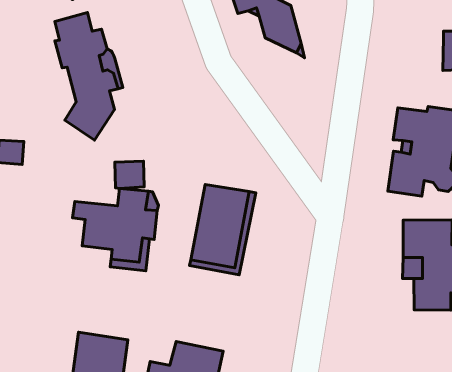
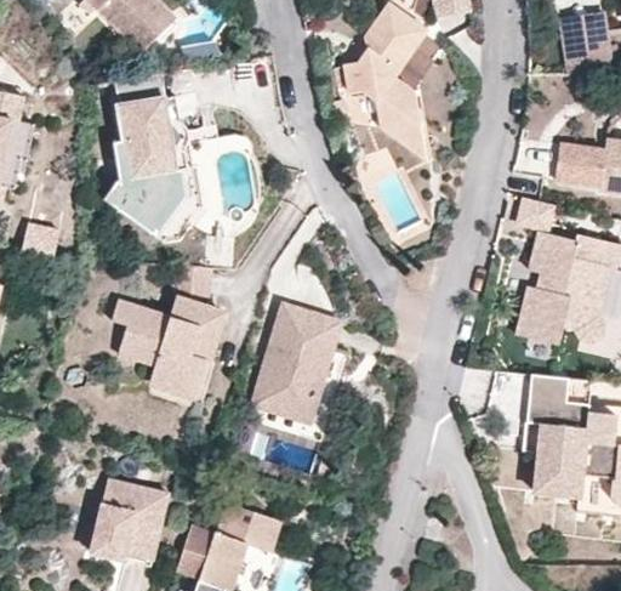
building: none -> [557,144,604,191]

